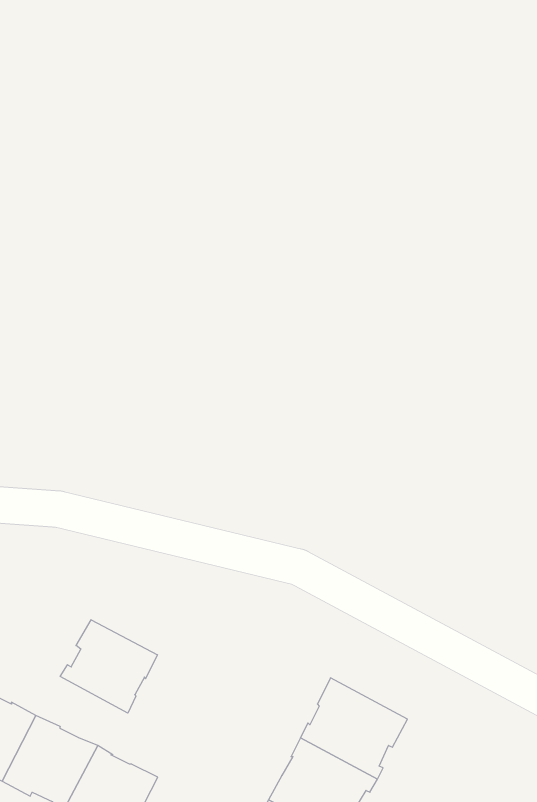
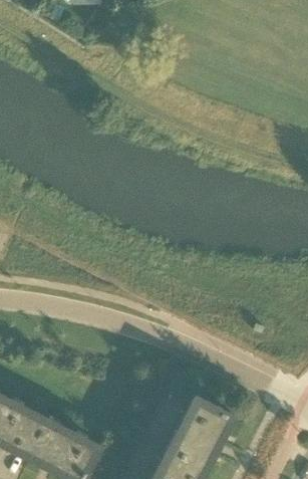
building: [60,620,157,713] -> none

